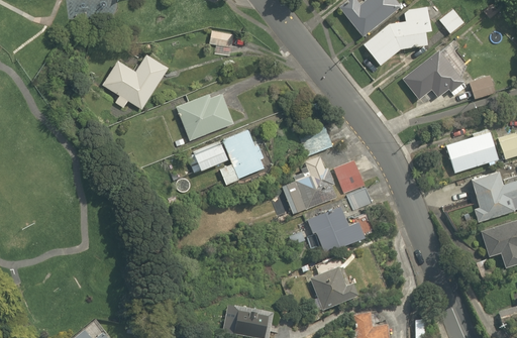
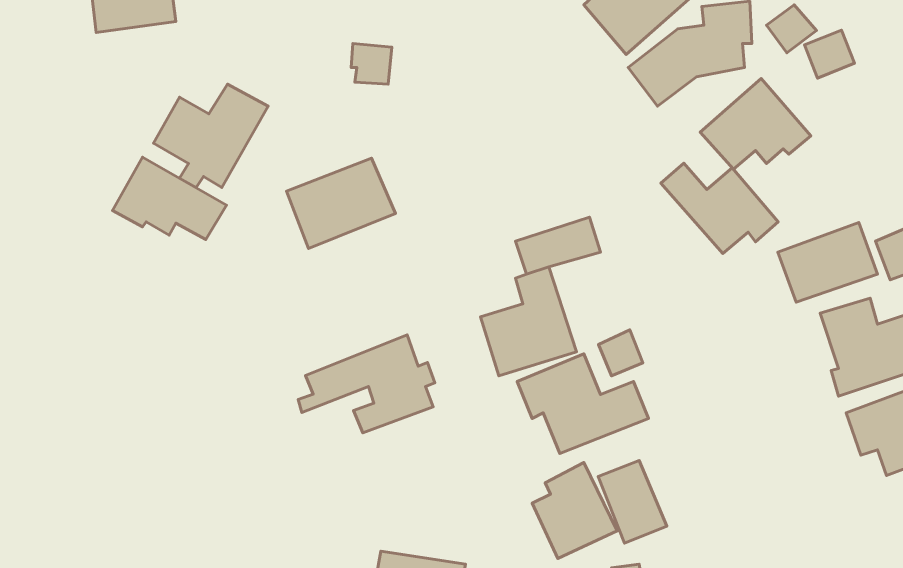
building: [468,72,495,98] -> [805,30,855,78]
building: none -> [112,157,227,240]
building: none -> [661,163,778,254]
building: [190,127,265,181] -> [298,335,435,433]
building: [334,157,366,192] -> none
building: none -> [598,460,667,543]

